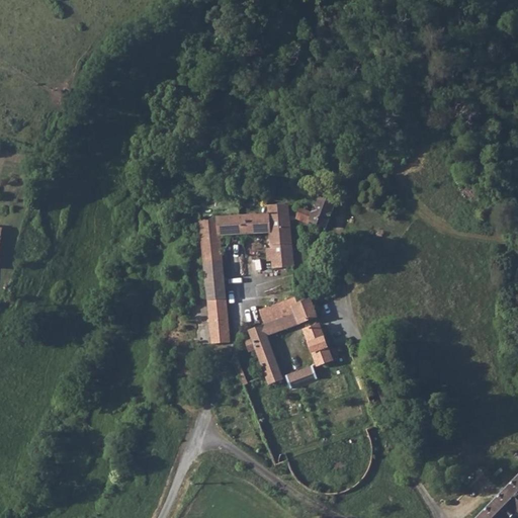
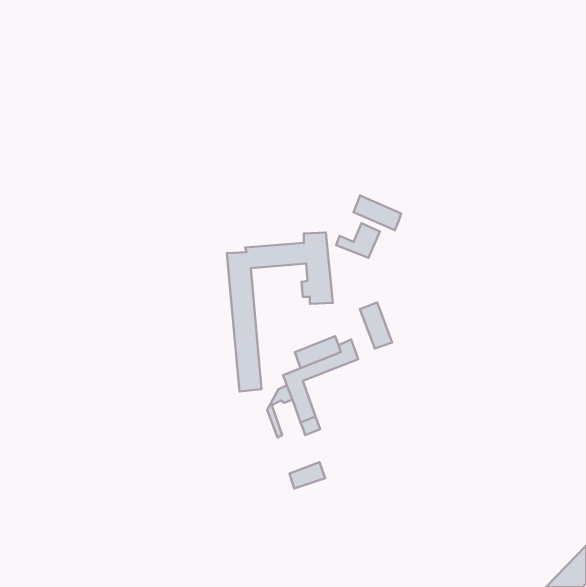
building: none -> [354,195,401,230]
building: [304,324,332,364] -> [360,302,392,348]
building: [285,364,317,387] -> [289,462,325,489]

